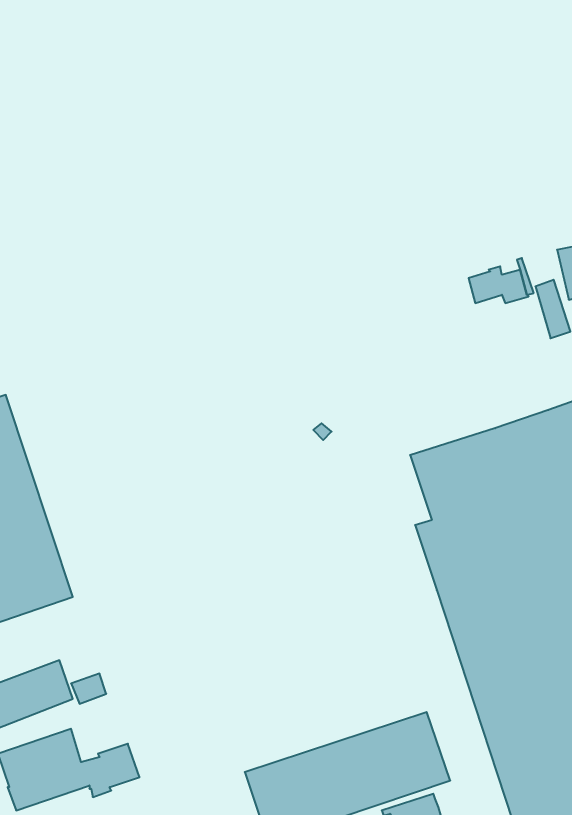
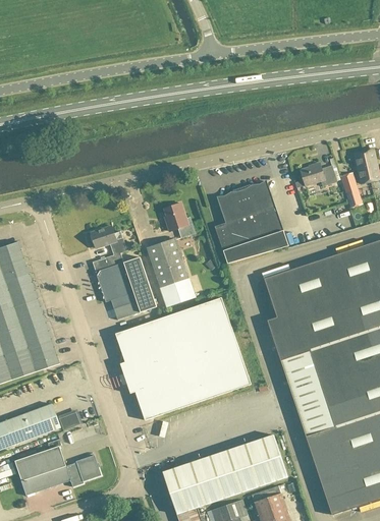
building: none -> [215,181,287,263]
building: none -> [164,202,195,237]
building: none -> [90,226,156,320]
building: none -> [147,238,195,306]
building: none -> [115,298,250,420]

